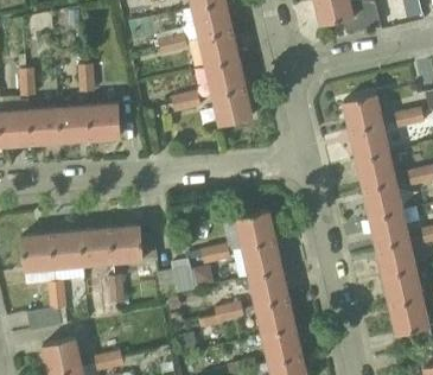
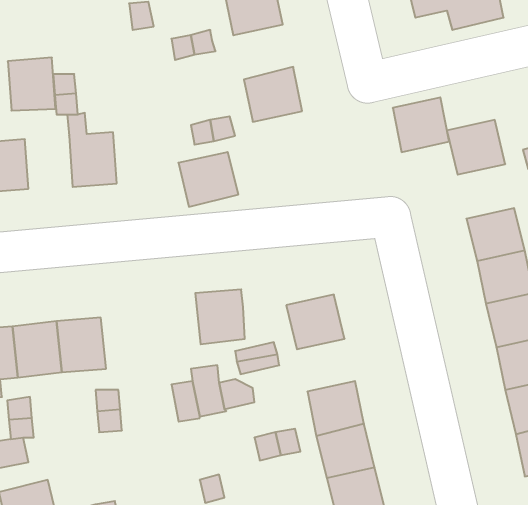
building: [199,31,240,68] -> none
building: [212,89,253,126] -> [178,152,238,207]
building: [59,106,91,141] -> [8,58,56,111]
building: [350,125,388,161] -> [393,97,449,152]
building: [110,225,144,262] -> [195,289,245,344]
building: [242,242,281,278] -> none

